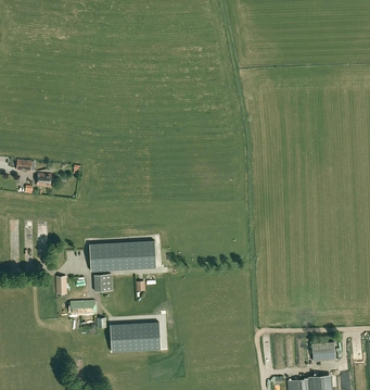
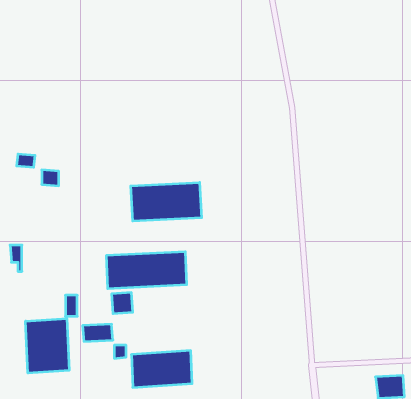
building: none -> [131,182,202,221]
building: none -> [26,318,69,373]

